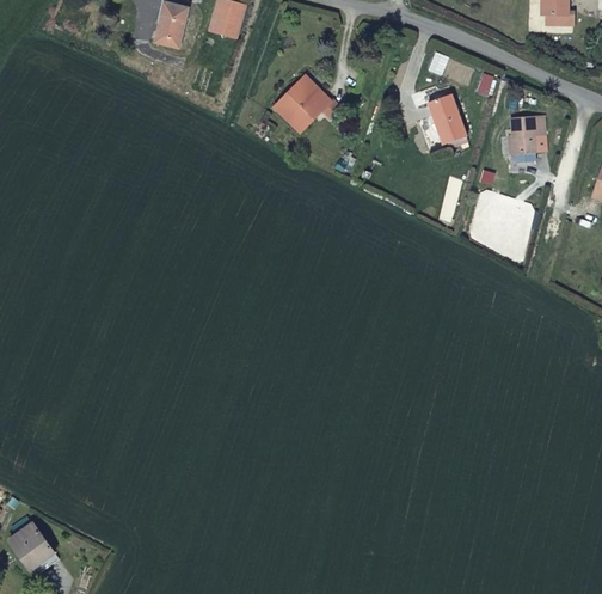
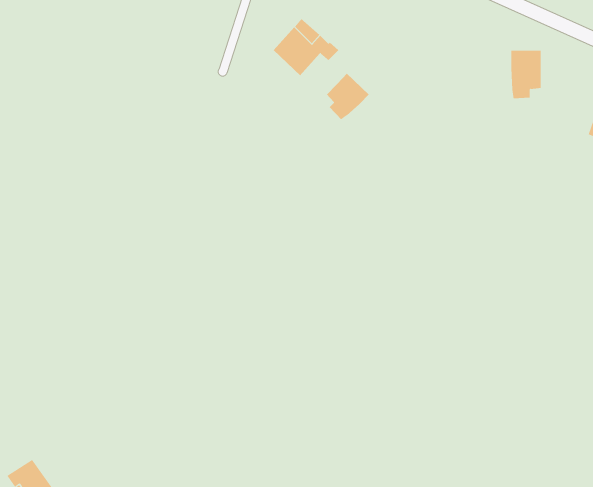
building: [426,96,467,148] -> none
building: none -> [326,73,369,120]

